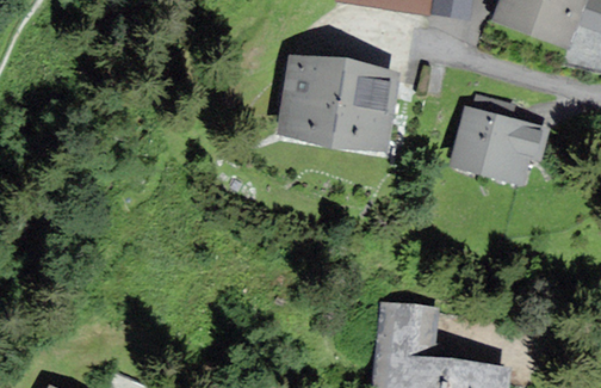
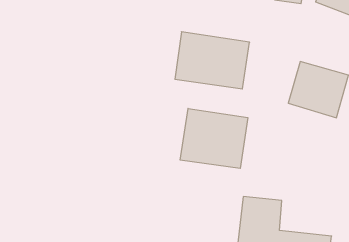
building: none -> [180,108,248,168]

